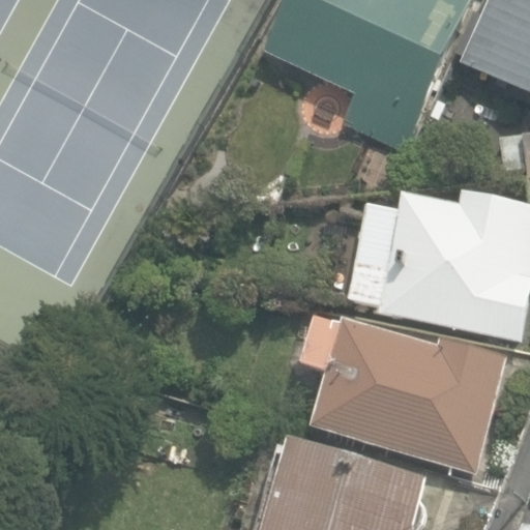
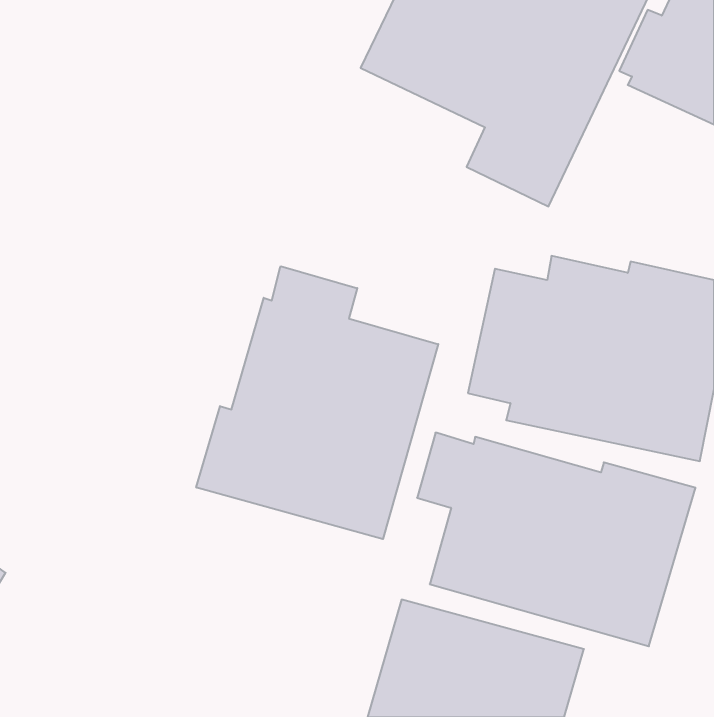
building: none -> [196,266,438,539]

